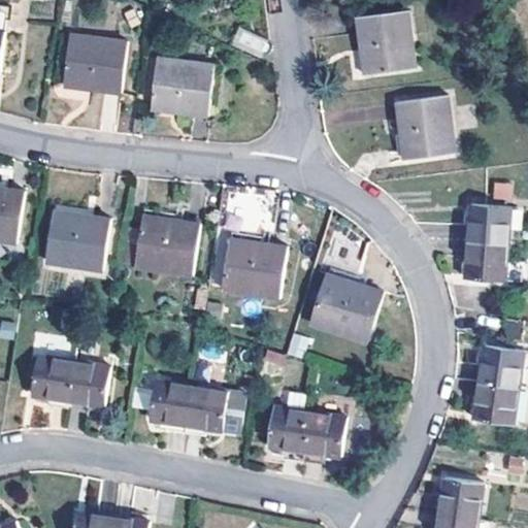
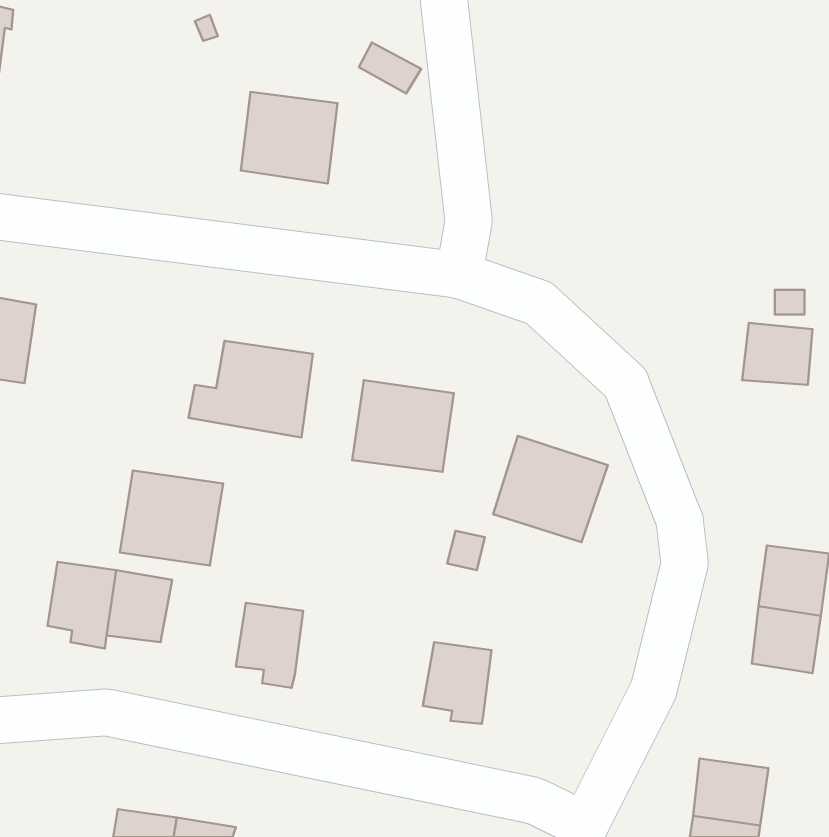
building: [356,12,414,74] -> none
building: [64,34,125,92] -> none
building: [396,94,455,158] -> none
building: [45,209,110,269] -> [120,470,223,565]
building: [464,239,508,282] -> none
building: [184,385,244,435] -> none
building: [303,409,344,462] -> none

